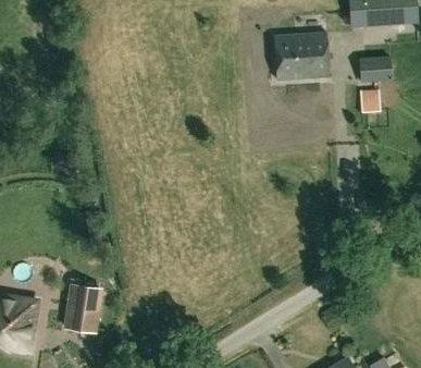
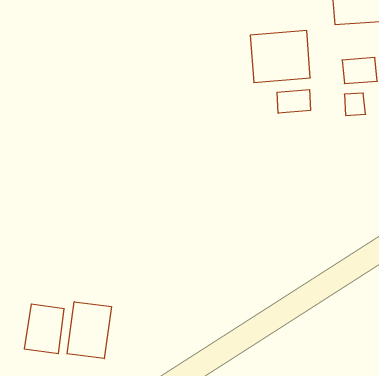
building: none -> [277,90,310,113]
building: none -> [67,302,111,359]

